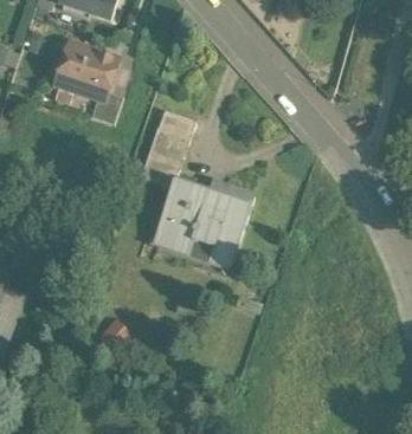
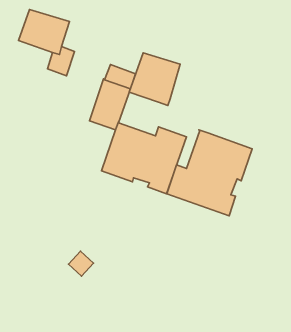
building: none -> [129,53,180,106]
building: none -> [167,130,252,216]

